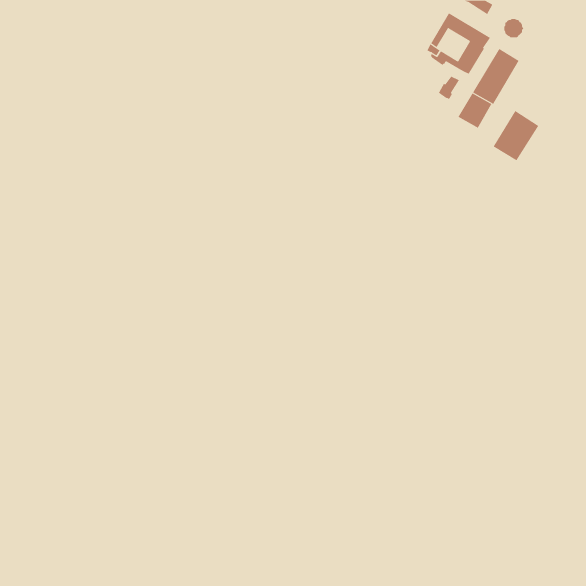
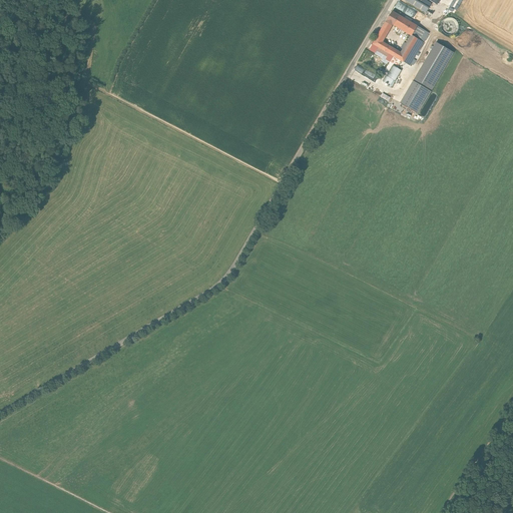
building: [493,110,539,161] -> none

